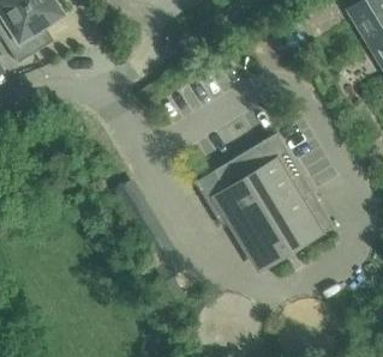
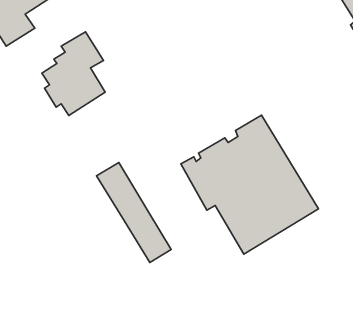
building: none -> [42,32,105,116]

